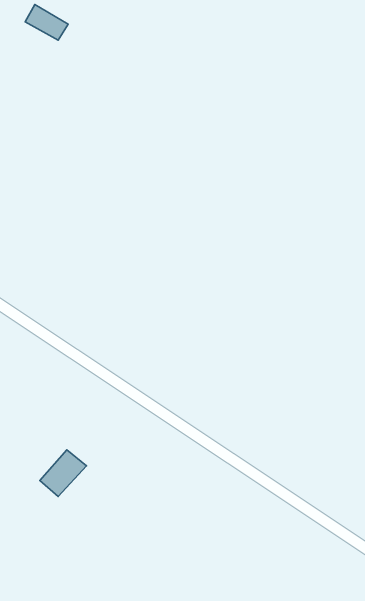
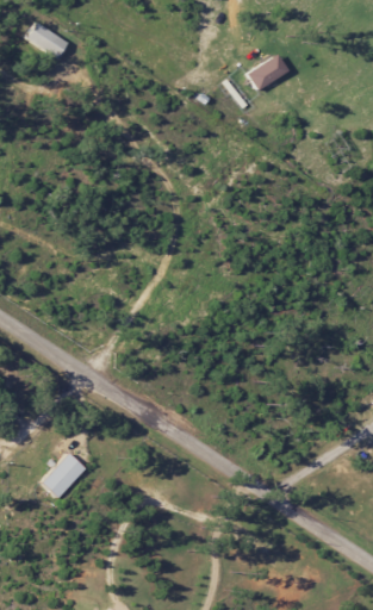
building: none -> [247,55,287,89]

